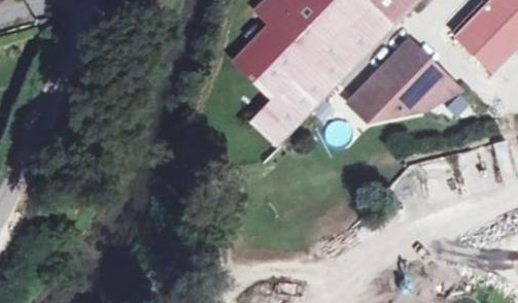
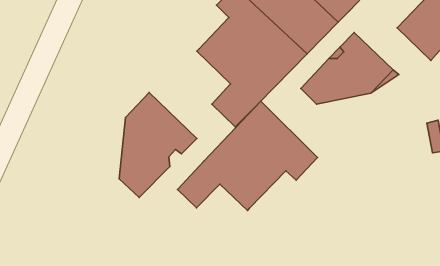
building: none -> [119,93,197,197]
building: none -> [178,101,317,210]

